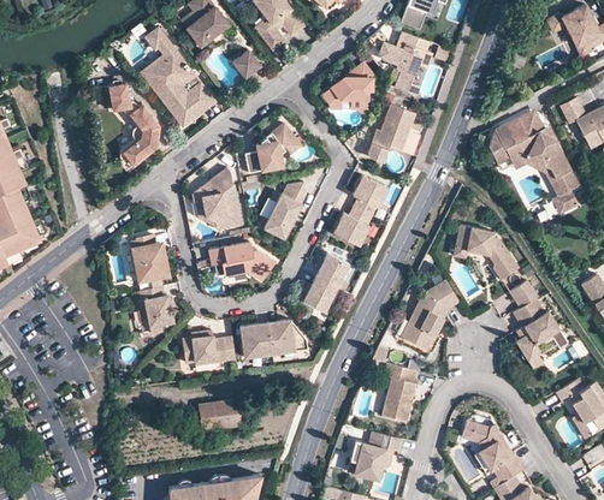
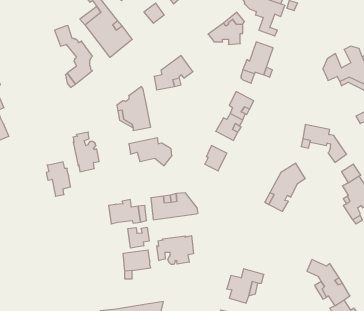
building: [263,183,306,239] -> none
building: [303,280,337,314] -> none
building: [136,286,171,335] -> [46,162,71,196]
building: [383,362,418,421] -> none
building: none -> [128,227,149,248]
building: none -> [157,236,193,264]

